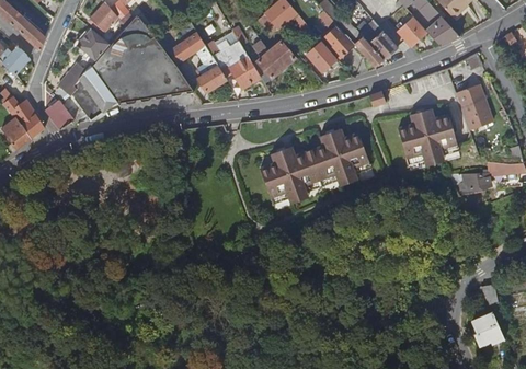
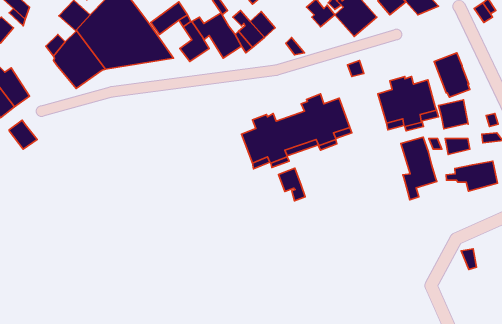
building: [307,43,336,73] -> none
building: [45,101,73,130] -> [9,120,37,149]
building: none -> [438,100,468,129]
building: none -> [401,137,437,200]
building: none -> [446,161,498,191]
building: none -> [279,168,305,201]
building: [472,311,503,344] -> none

